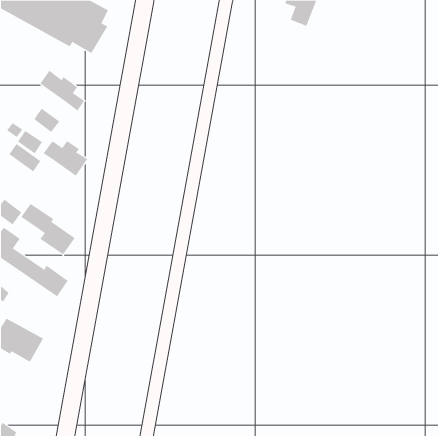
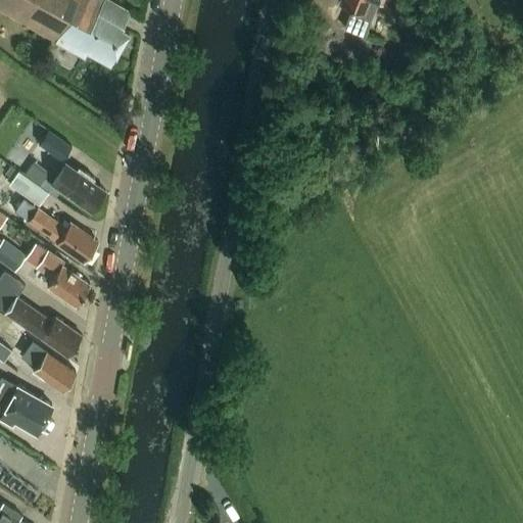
building: [40,70,85,111] -> none
building: none -> [28,208,97,263]
building: none -> [23,343,76,391]

